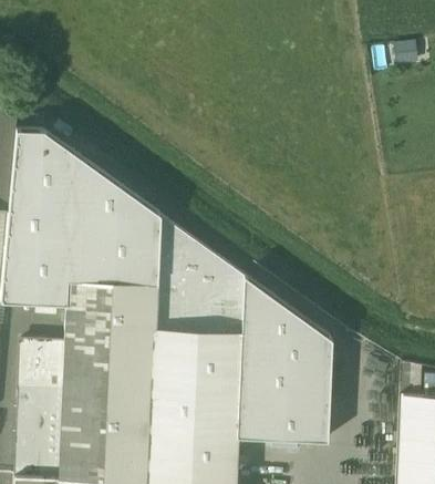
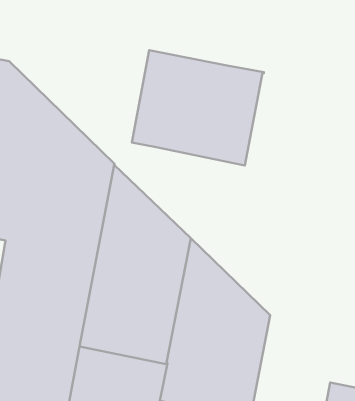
building: none -> [132,50,264,165]

